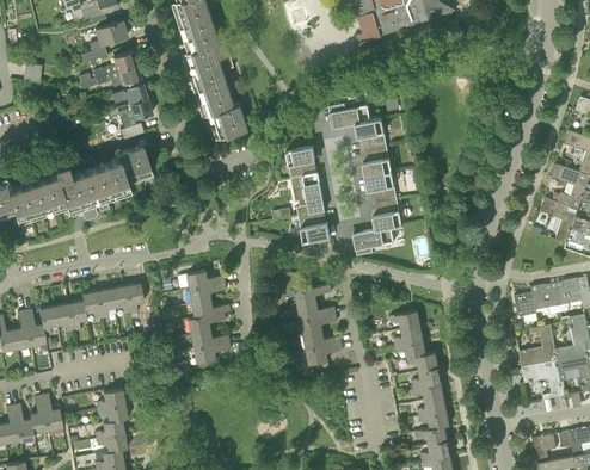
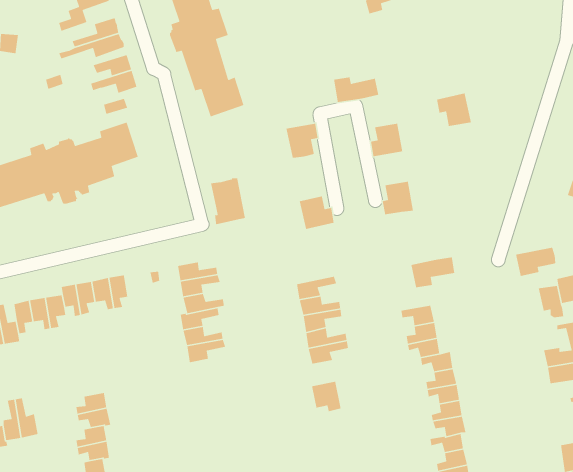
building: [355,118,387,149] -> [436,92,472,127]
building: [364,172,397,202] -> none
building: [293,173,325,216] -> [210,178,246,225]
building: [352,227,393,255] -> [410,256,455,288]
building: none -> [515,247,556,277]
building: none -> [311,381,341,412]

